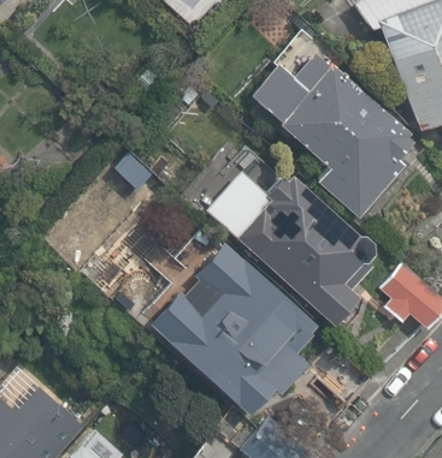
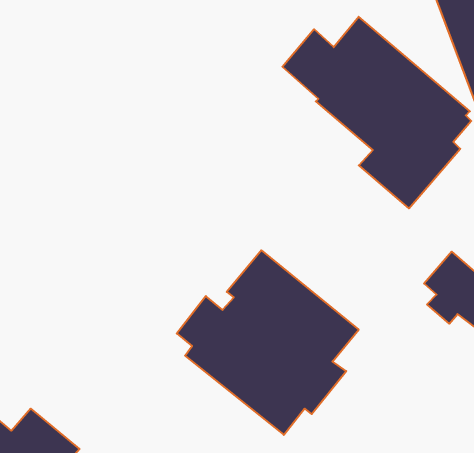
building: [219,176,375,325] -> none

